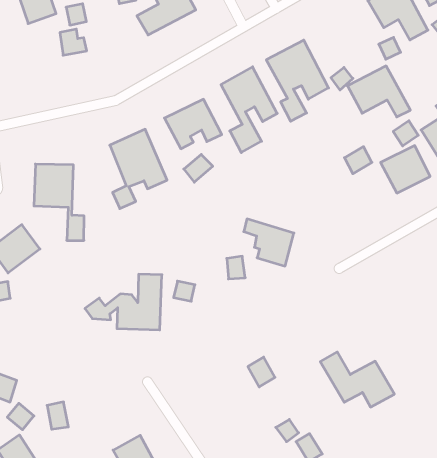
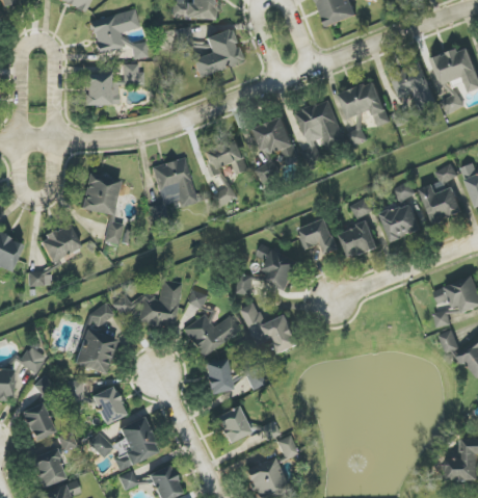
building: none -> [83,73,117,105]
building: [347,66,410,117] -> [339,81,390,126]
building: none -> [339,221,378,259]
building: none -> [299,218,338,256]
building: none -> [181,309,240,357]
building: none -> [75,300,116,374]
building: [320,352,394,407] -> [240,303,299,353]
building: none -> [203,359,232,395]
building: none -> [90,386,125,424]
building: none -> [215,407,249,444]

